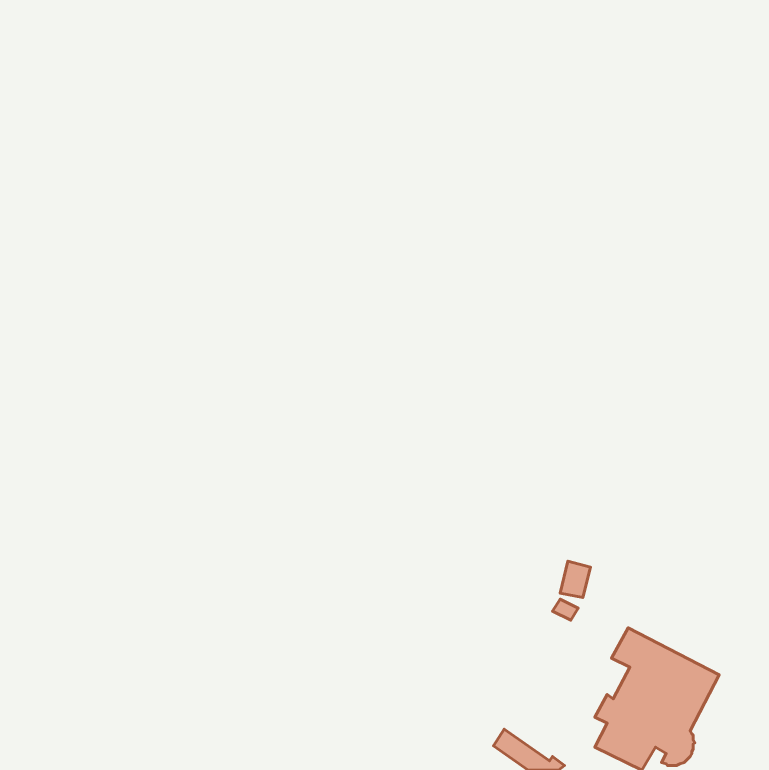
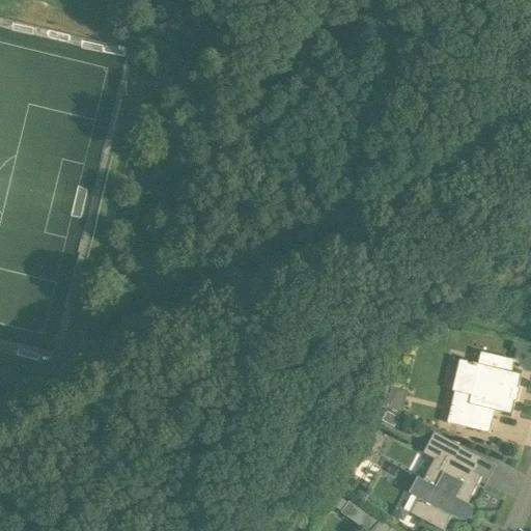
building: none -> [444,350,519,431]

